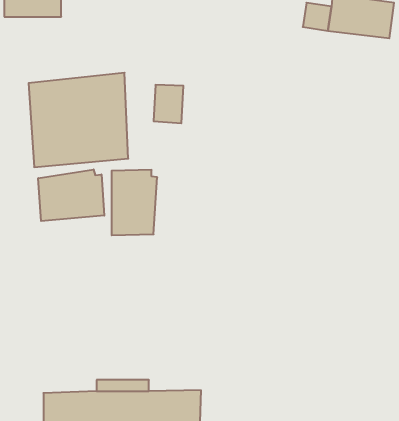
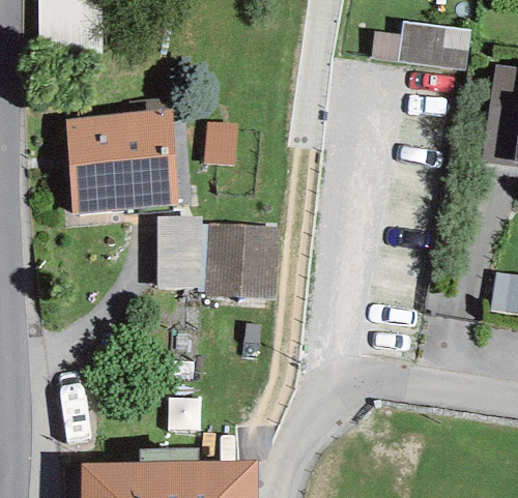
building: [38,169,104,221] -> none
building: none -> [204,225,279,300]

